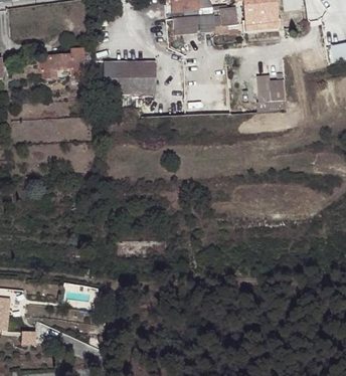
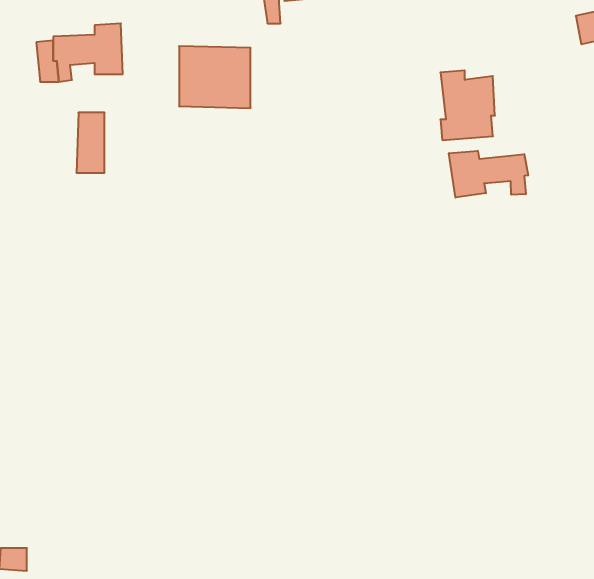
building: [103,60,118,92] -> [76,113,105,173]
building: none -> [449,151,528,198]

